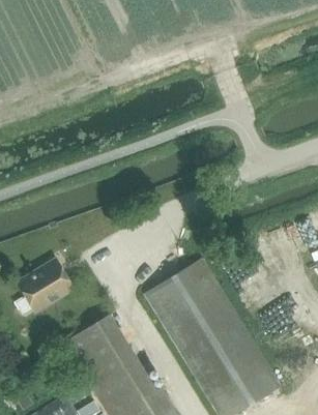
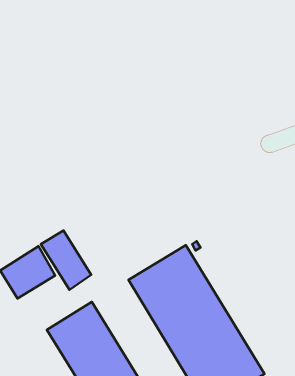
building: none -> [41,230,91,290]

